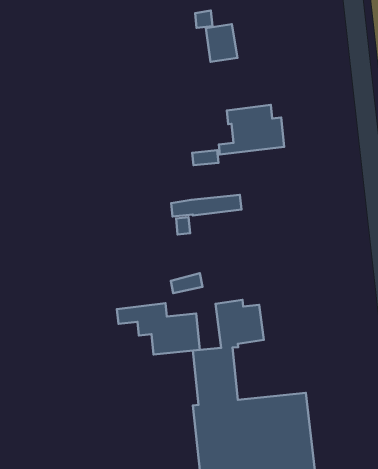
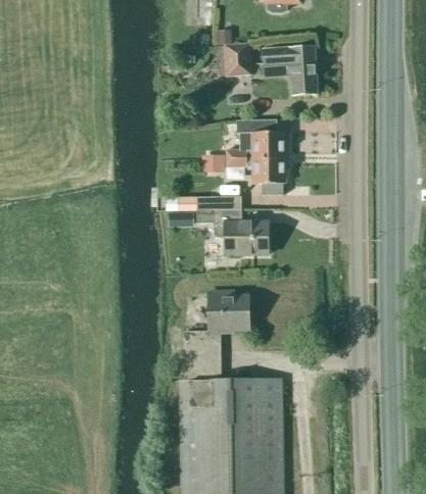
building: none -> [264,46,318,96]
building: none -> [227,158,286,195]
building: [117,303,200,355] -> [197,210,268,255]

